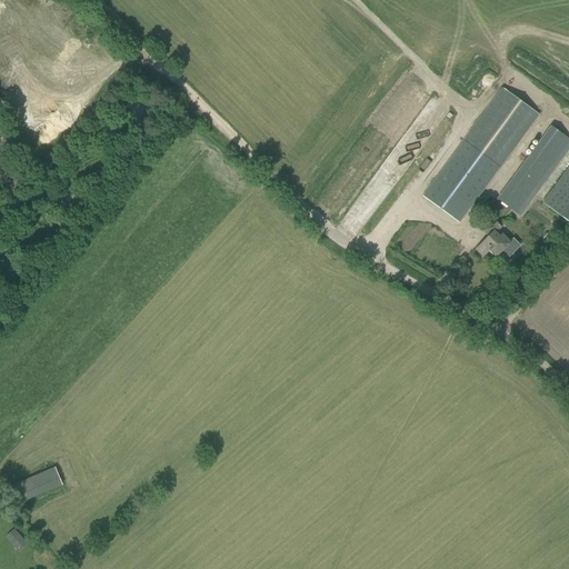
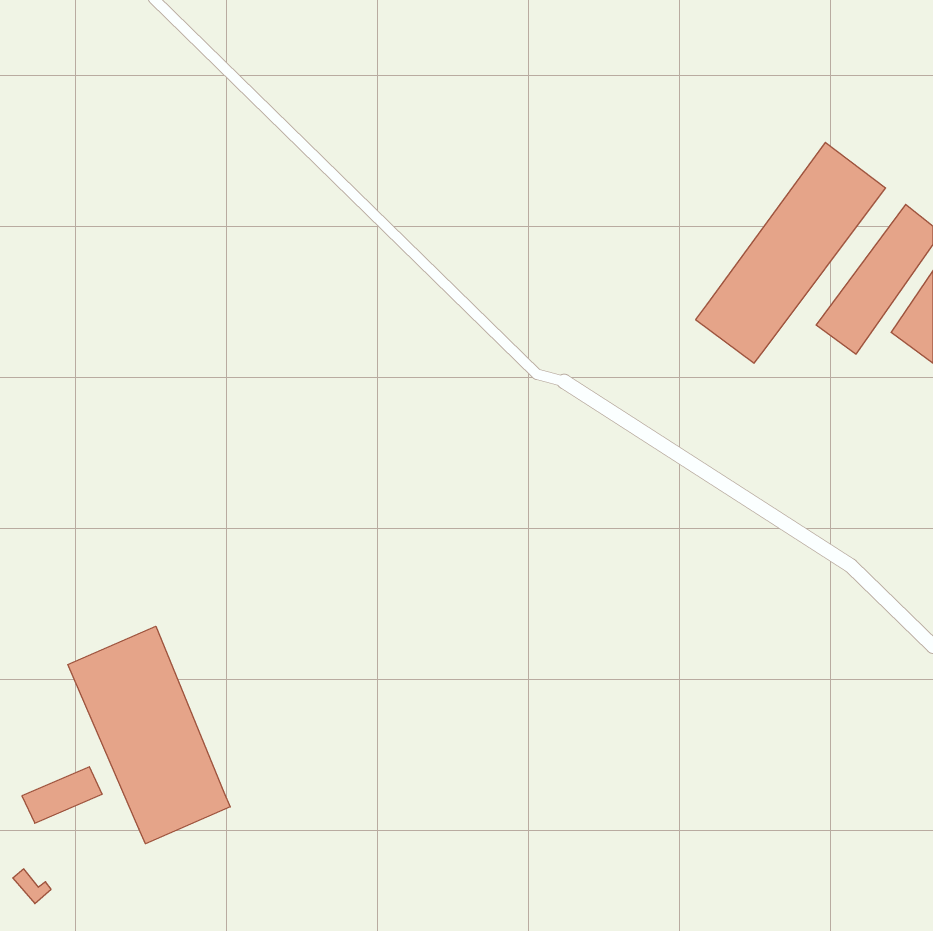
building: [475,218,520,259] -> none
building: none -> [68,626,230,844]

